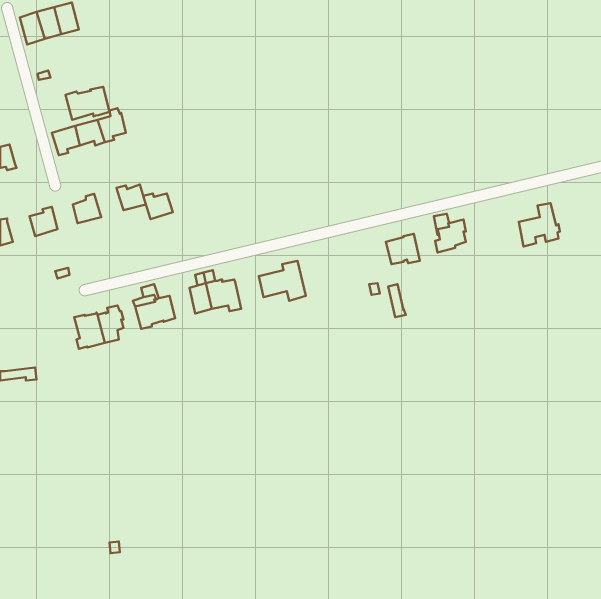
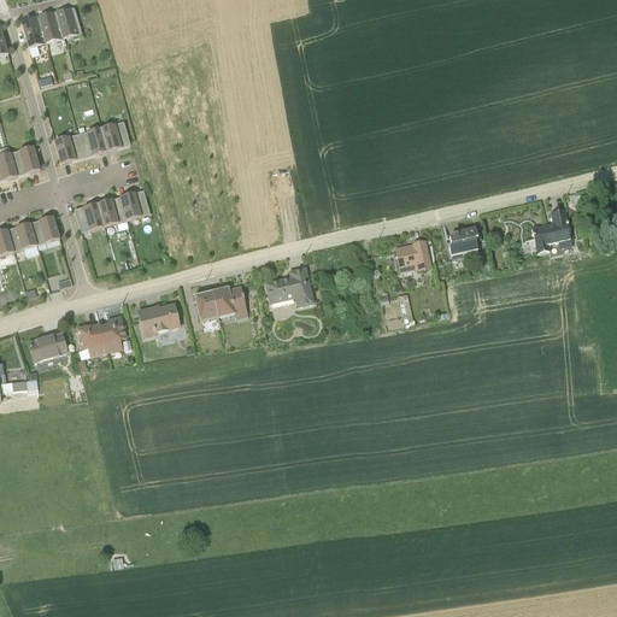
building: [65,87,110,120] -> none
building: none -> [10,143,40,170]
building: [143,193,173,219] -> [96,198,127,224]
building: none -> [7,219,36,249]
building: none -> [28,331,66,362]

